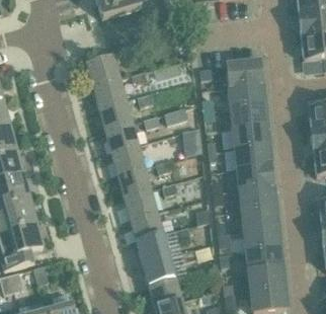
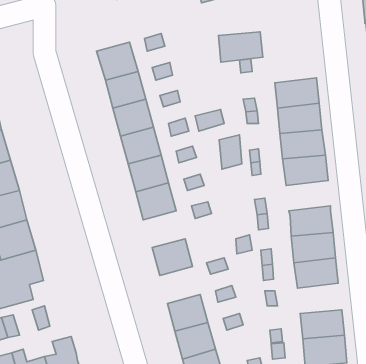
building: [227,63,262,87] -> [218,32,263,62]
building: [238,165,273,189] -> none
building: [124,189,157,219] -> none
building: [137,234,169,263] -> none
building: [247,247,282,271] -> none

